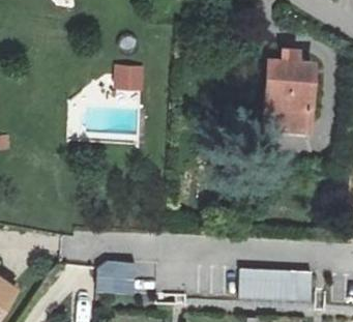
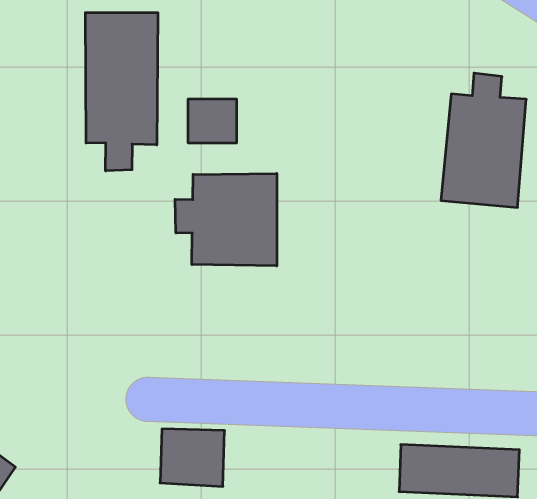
building: none -> [85,13,158,171]
building: none -> [175,173,277,266]

